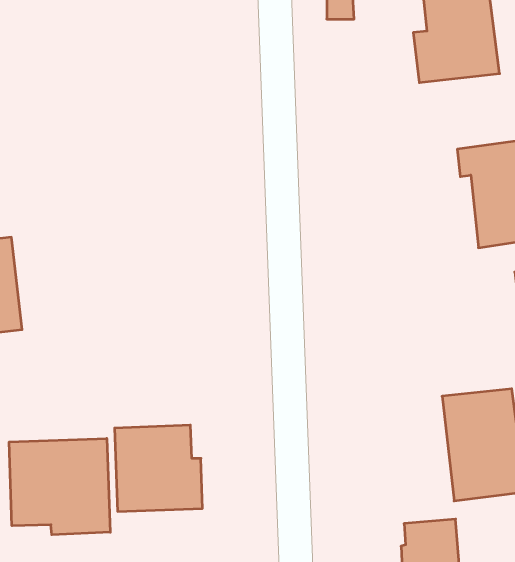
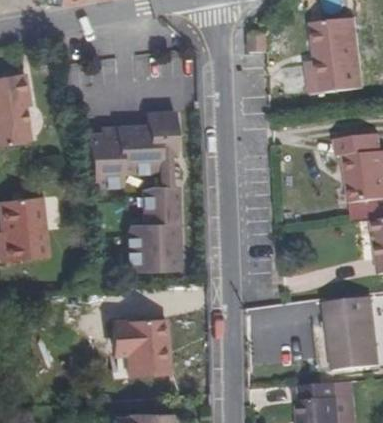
building: none -> [88,114,176,184]
building: none -> [129,186,181,271]
building: [9,438,110,535] -> none

